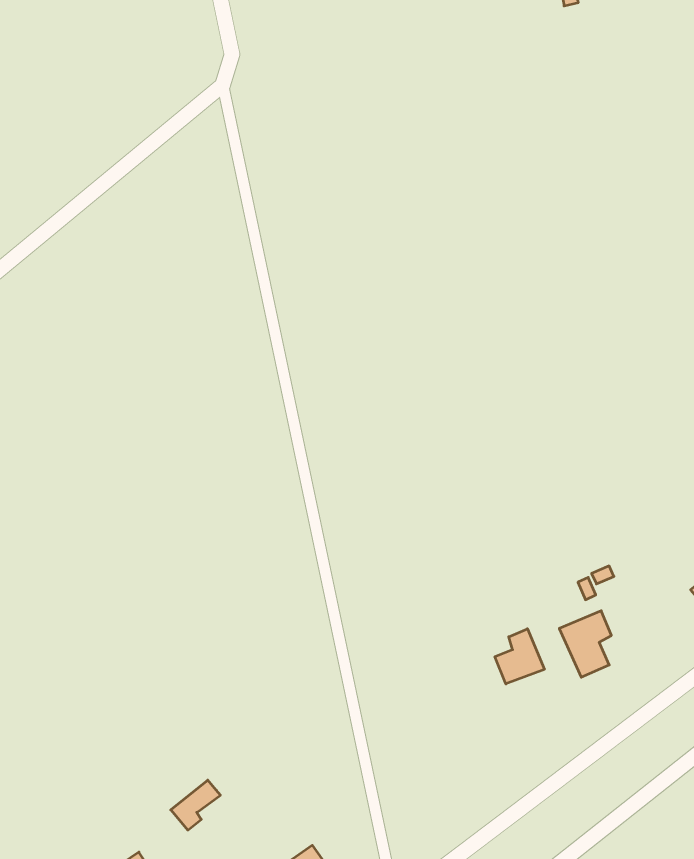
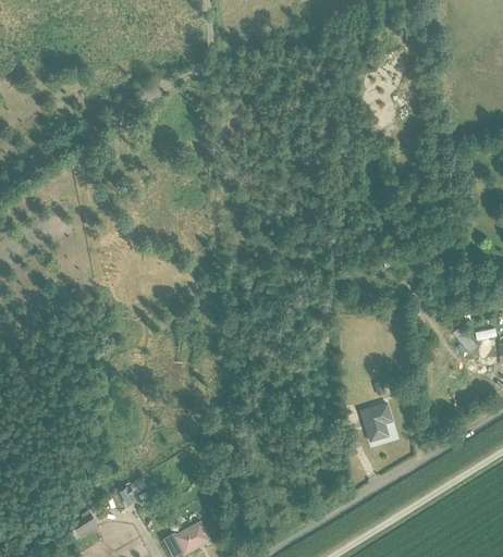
building: [495,629,544,684] -> none

